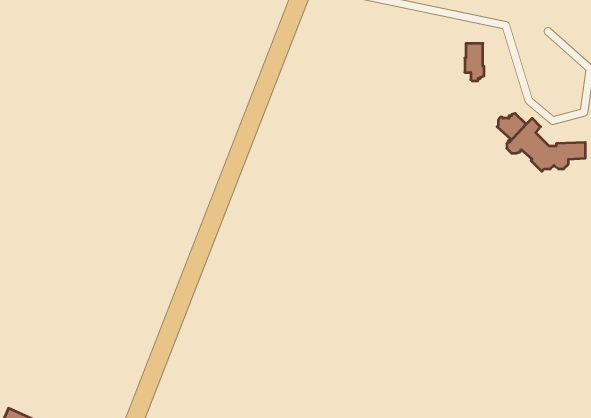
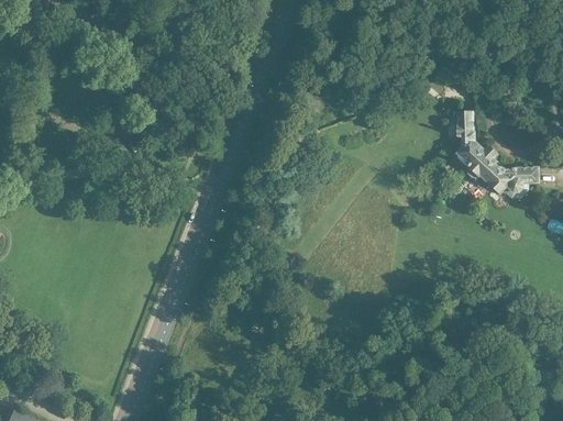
building: [465,43,484,81] -> [453,109,471,143]

